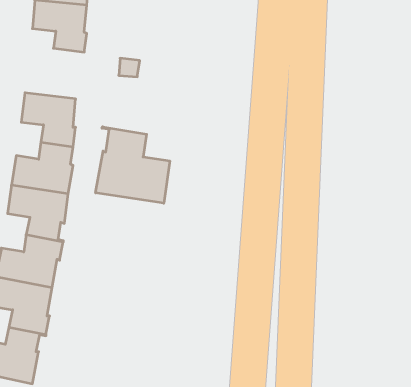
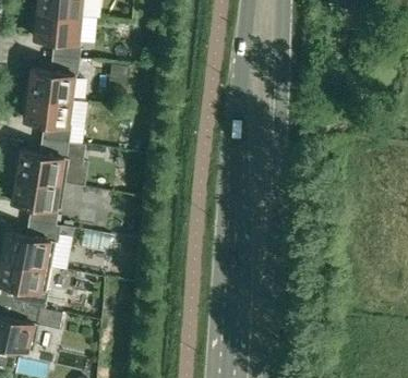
building: none -> [27,59,80,103]
building: [96,127,170,203] -> none

